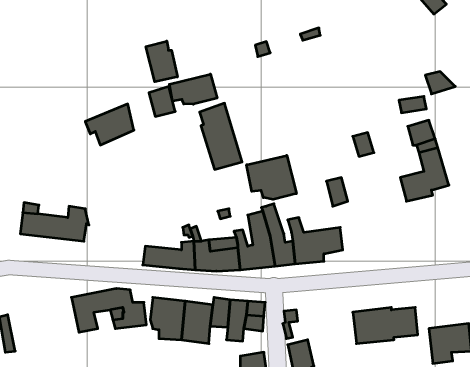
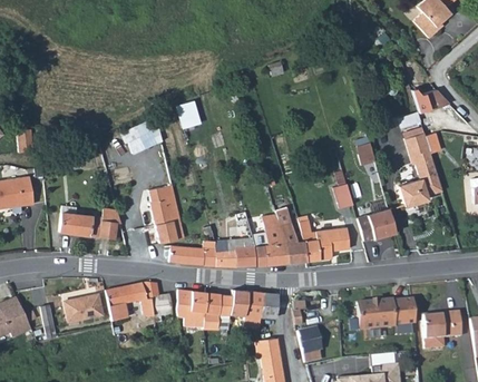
building: [146,41,177,82] -> none
building: [169,74,217,104] -> none
building: [200,103,242,169] -> [146,184,184,243]
building: [247,155,296,199] -> none
building: none -> [357,208,396,239]
building: none -> [65,295,101,322]

